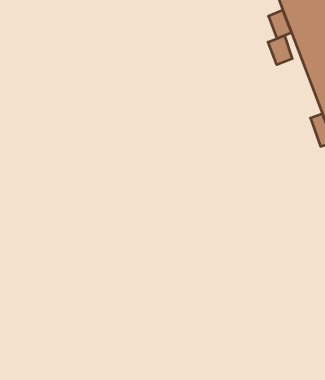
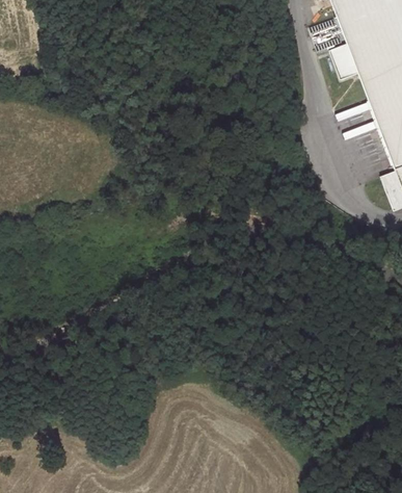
building: [268,36,292,65] -> none

